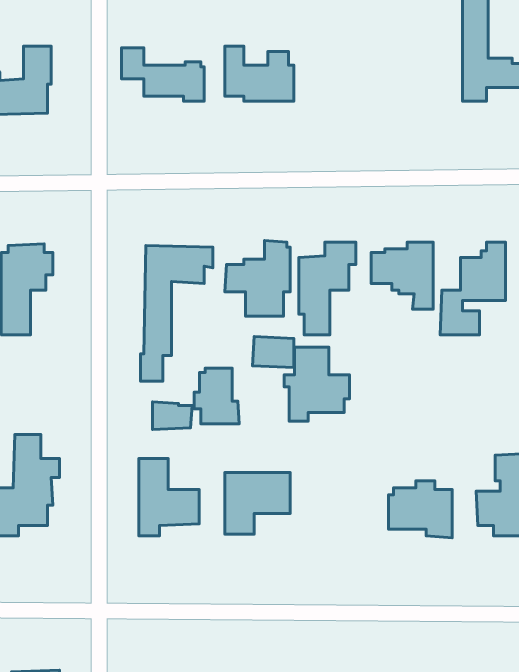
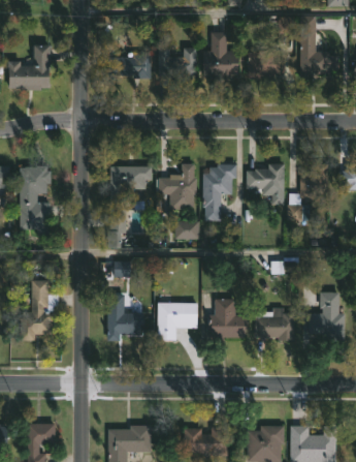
building: none -> [204,32,238,80]
building: none -> [247,55,285,79]
building: [284,347,349,421] -> [208,298,248,342]
building: [194,368,239,424] -> none

